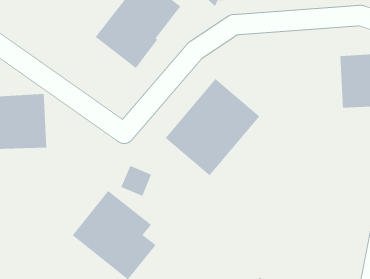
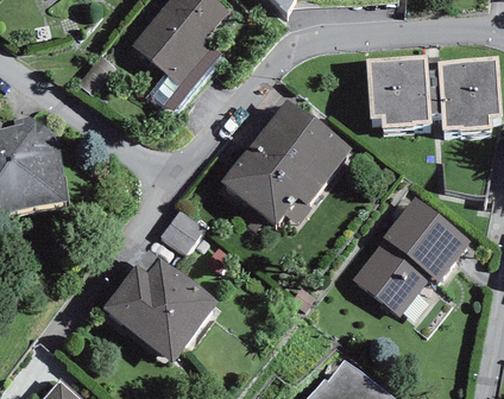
building: none -> [377,69,437,144]
building: none -> [354,203,475,321]

